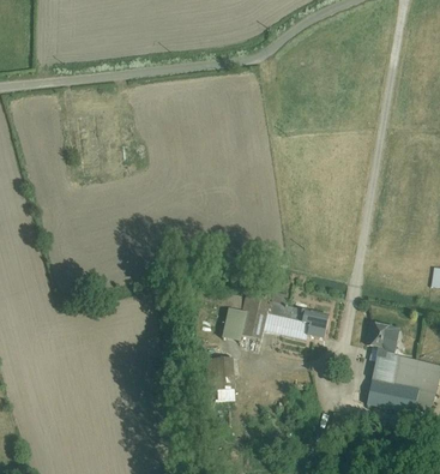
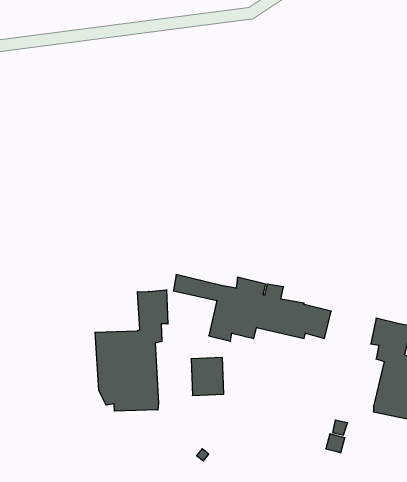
building: none -> [95,290,168,411]

